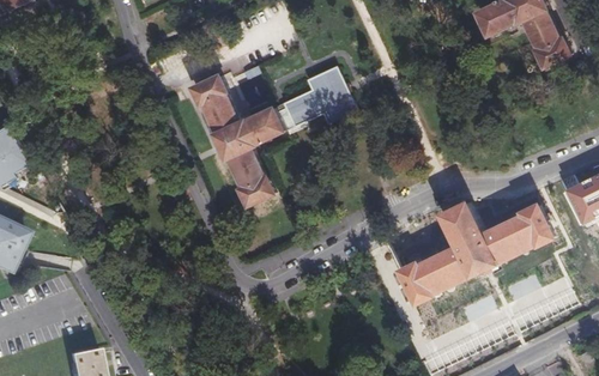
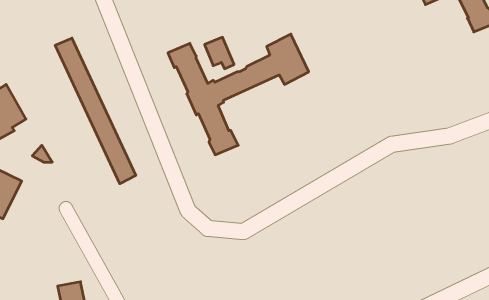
building: none -> [55,38,136,184]
building: [401,200,553,301] -> none

